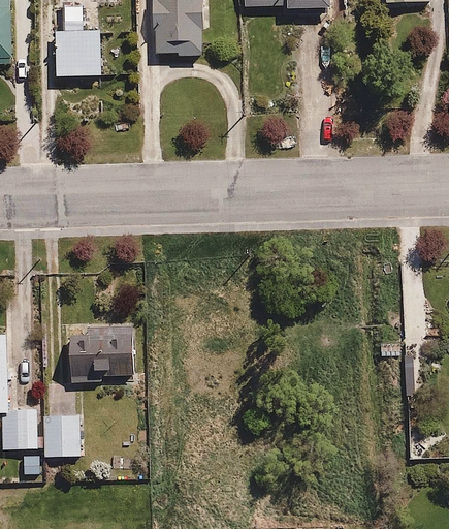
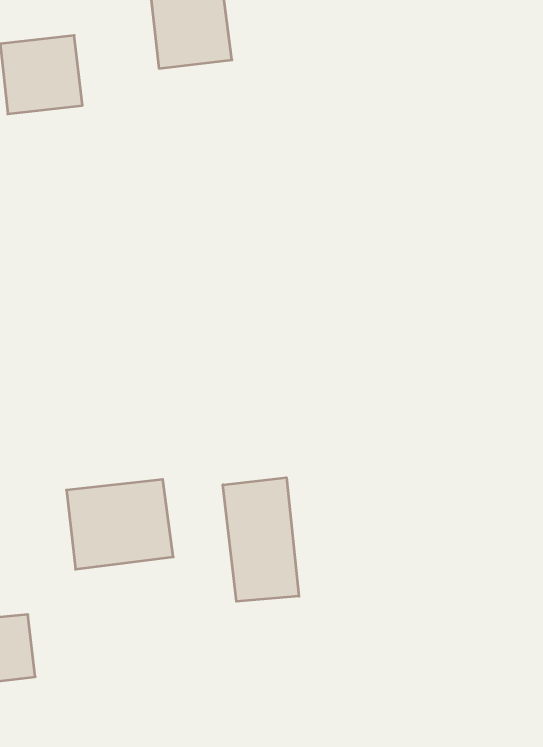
building: none -> [223,478,299,601]
building: [41,412,78,456] -> none

